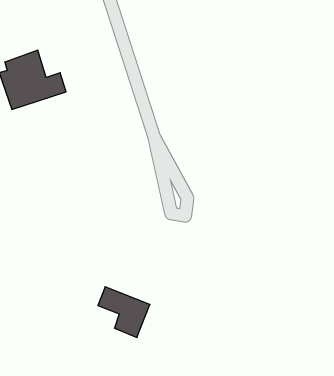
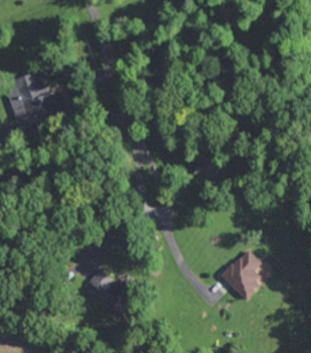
building: none -> [221,247,264,297]

